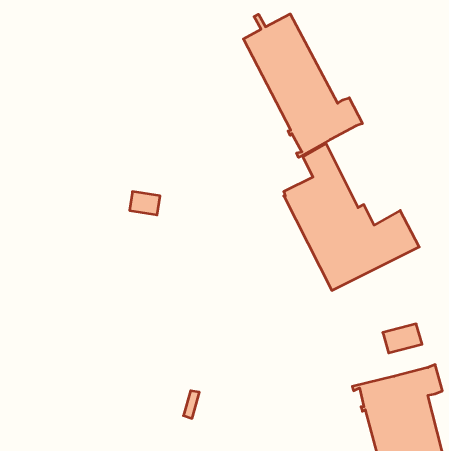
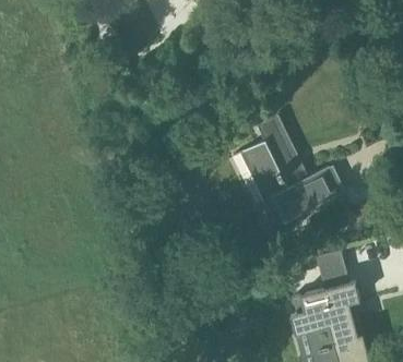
building: [243,14,362,157] -> none

